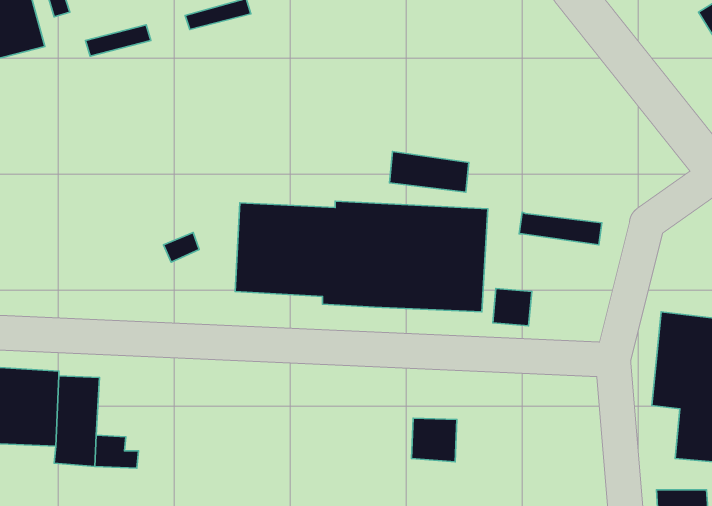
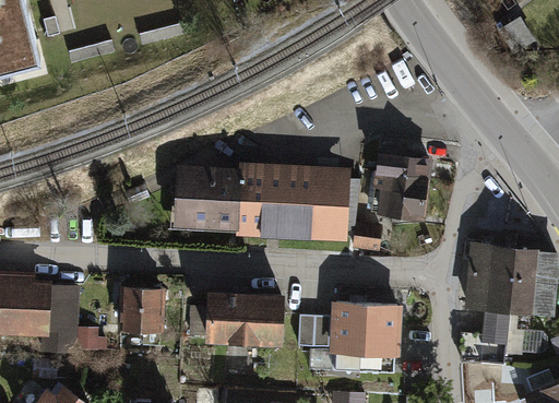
building: [389,152,469,192] -> [377,152,432,180]
building: none -> [371,188,428,221]
building: none -> [118,287,160,331]
building: none -> [205,291,285,344]
building: none -> [330,303,402,355]

